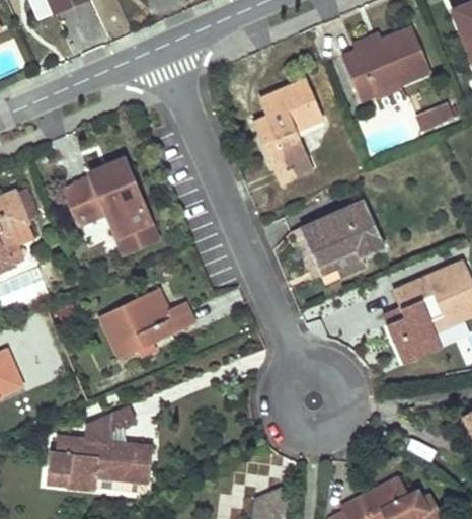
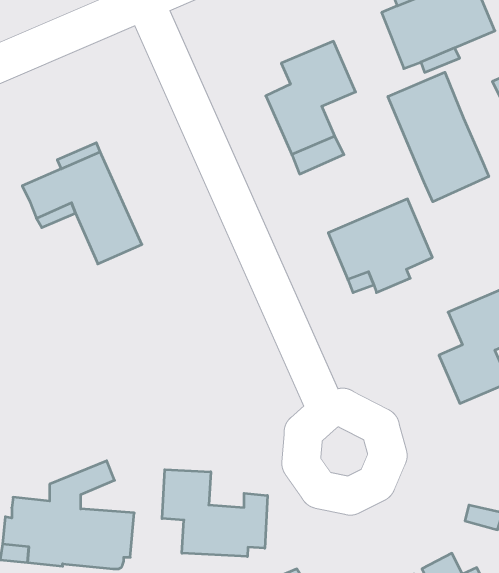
building: none -> [388,72,489,202]
building: [98,290,193,360] -> none
building: none -> [162,470,267,557]

